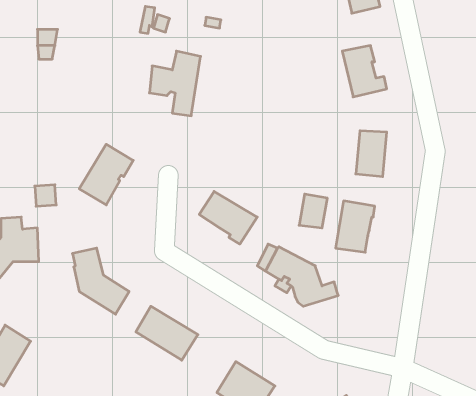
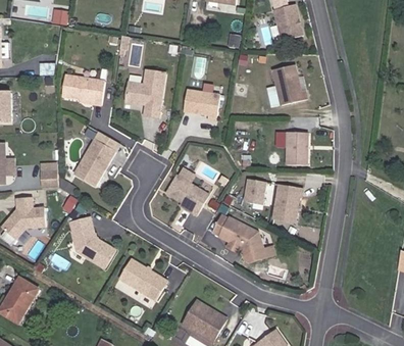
building: none -> [62,78,104,103]
building: none -> [184,90,221,120]

